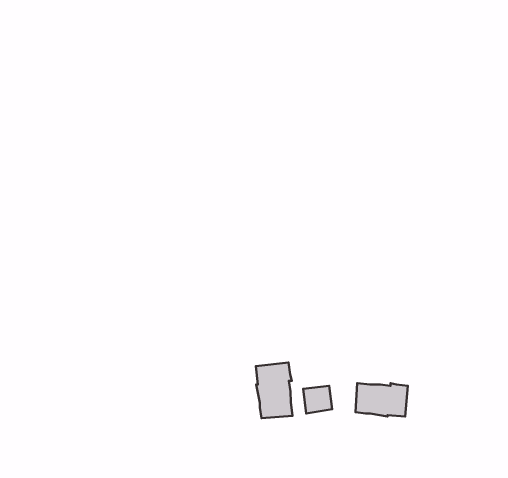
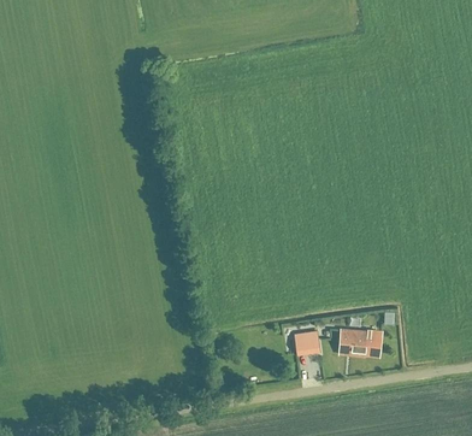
building: [256,362,293,418] -> none

